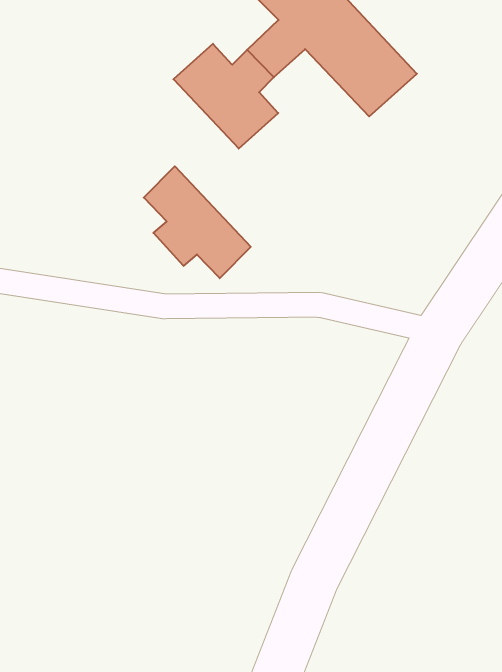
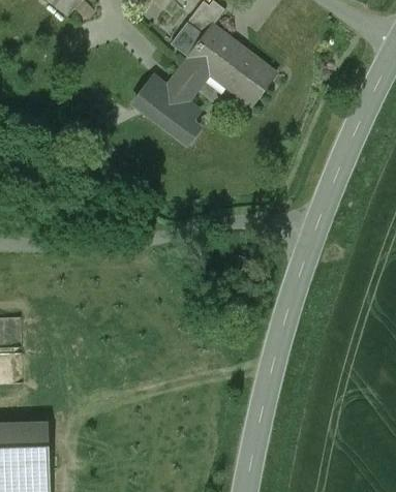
building: [144,166,251,278] -> none

